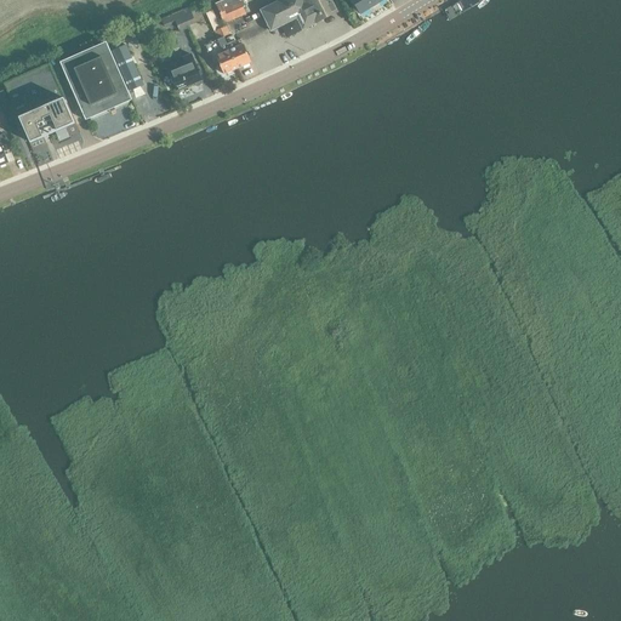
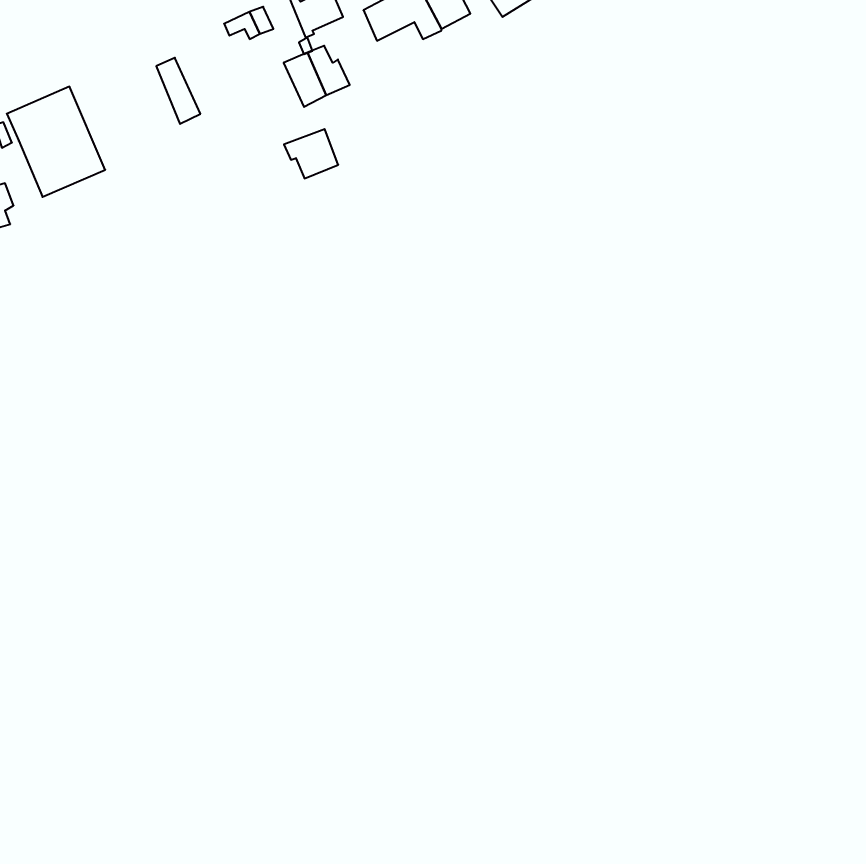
building: [59,41,130,118] -> none
building: [161,53,200,89] -> [284,129,338,178]

